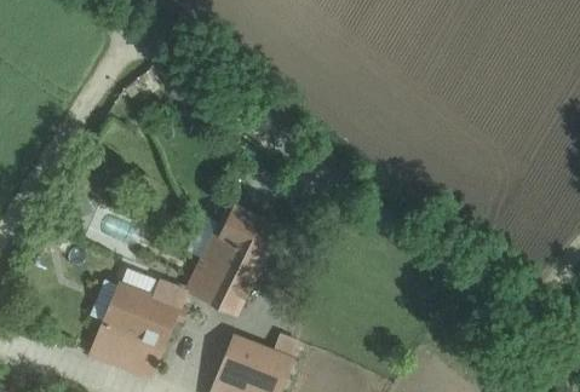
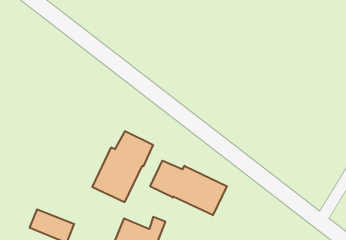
building: none -> [150,161,227,215]
building: [105,284,184,347] -> none

